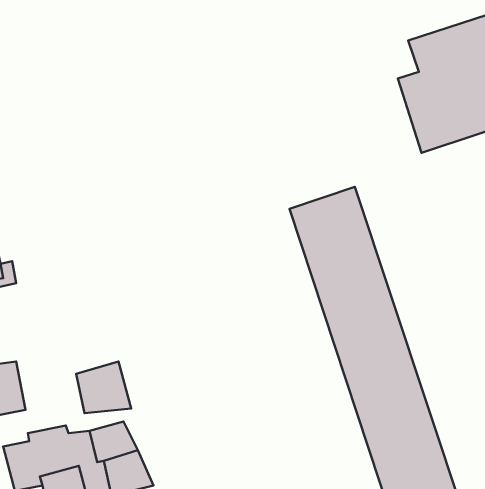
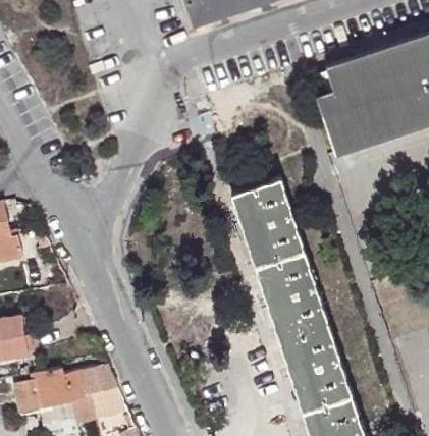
building: [76,362,131,413] -> none

